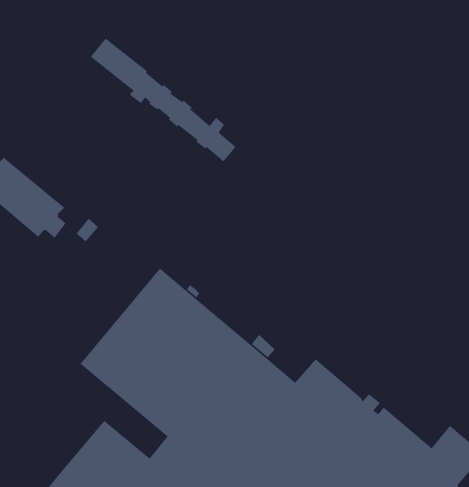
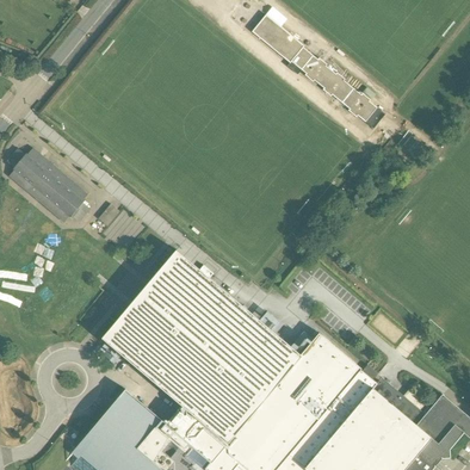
building: [90,37,237,162] -> [251,14,385,129]

